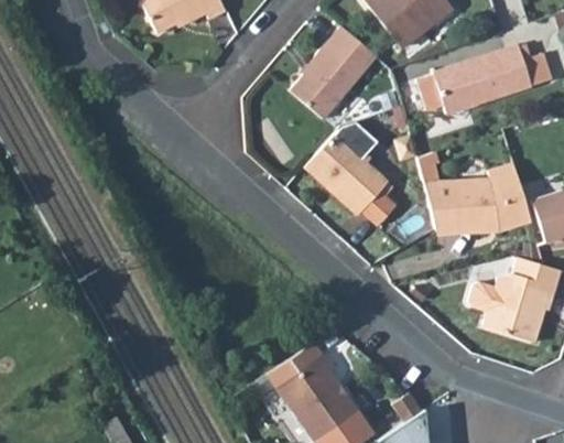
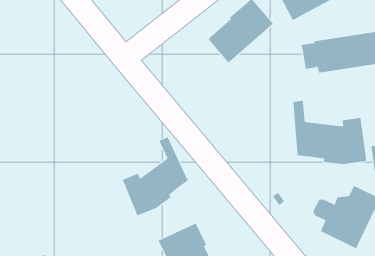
building: [305,129,398,225] -> none
building: none -> [122,136,189,216]

